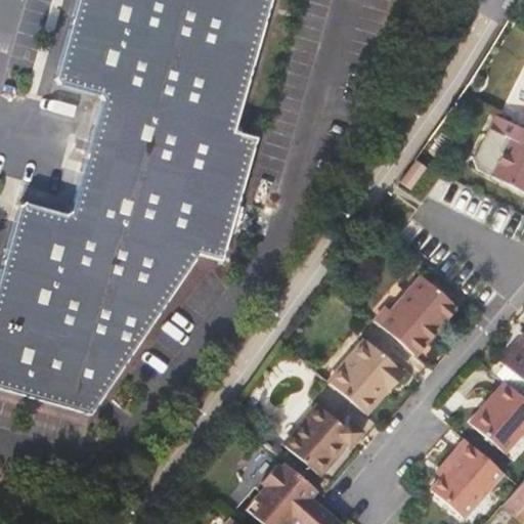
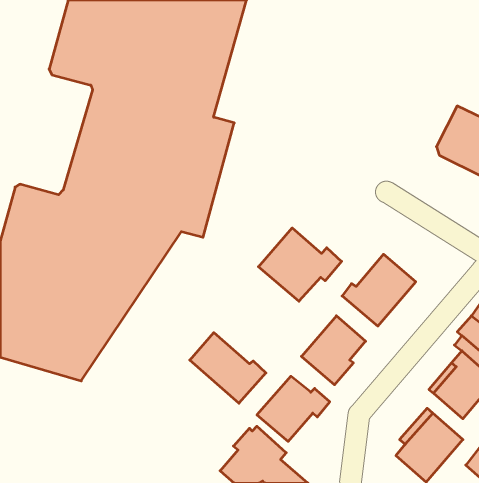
building: none -> [258,228,342,301]
building: none -> [190,333,266,403]

